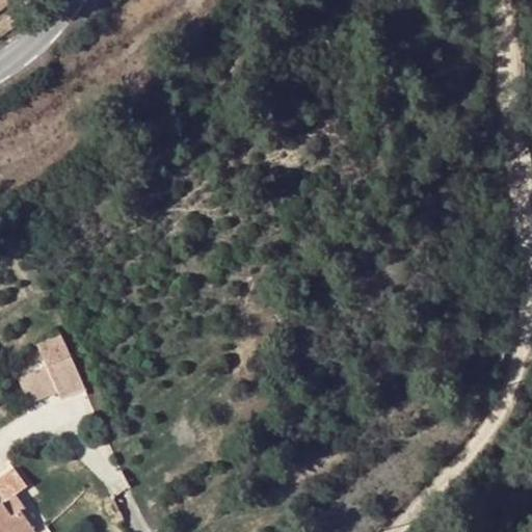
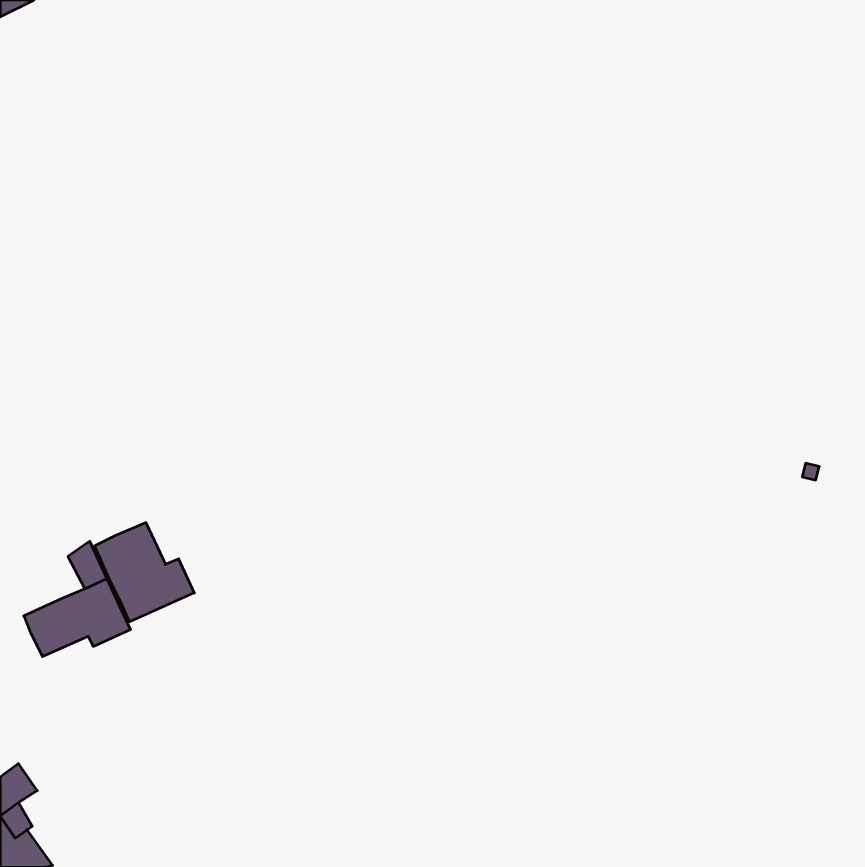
building: none -> [94,523,194,622]

